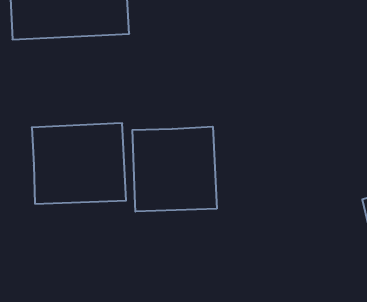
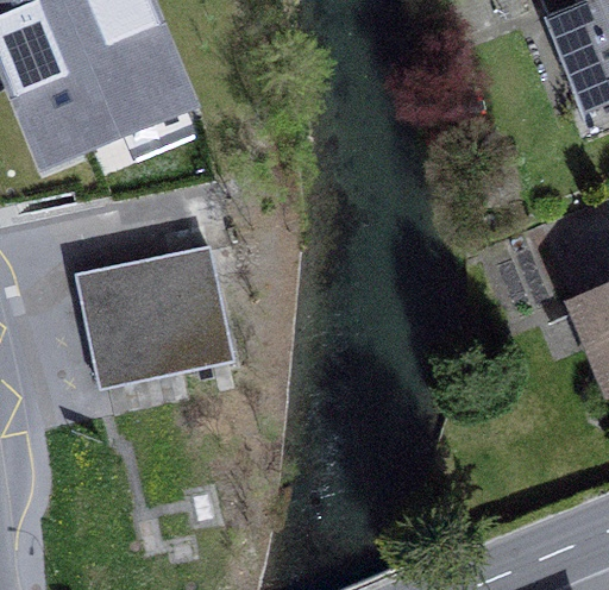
building: [132,127,217,212] -> none

